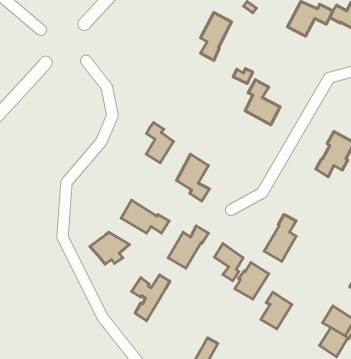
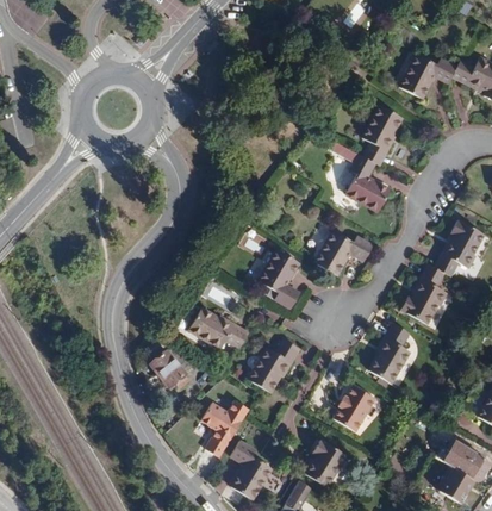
building: [200,13,232,61] -> [362,105,401,166]
building: [146,123,174,163] -> none
building: none -> [313,230,373,276]
building: none -> [400,264,447,324]
building: [215,243,243,281] -> none
building: [261,292,292,329] -> [306,440,345,486]
building: none -> [230,440,272,499]

